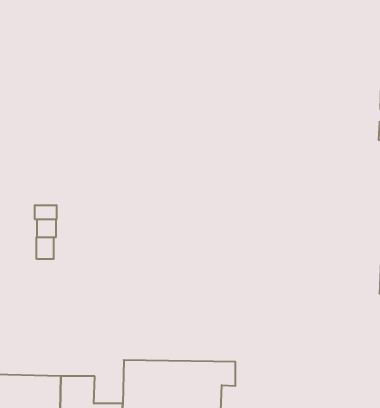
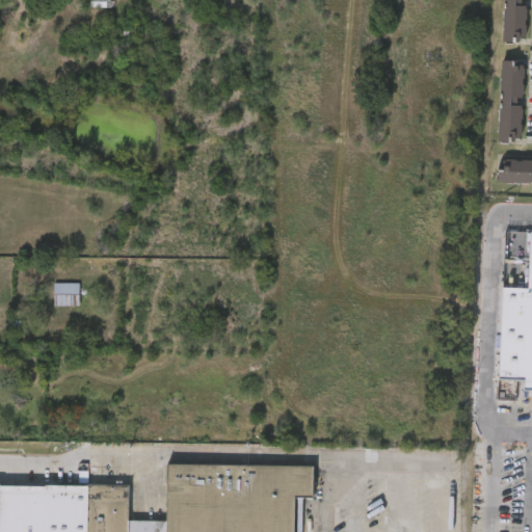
building: [35,205,56,219] -> none
building: [37,237,54,259] -> none

